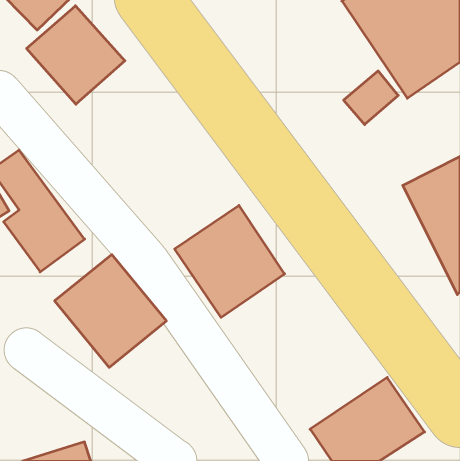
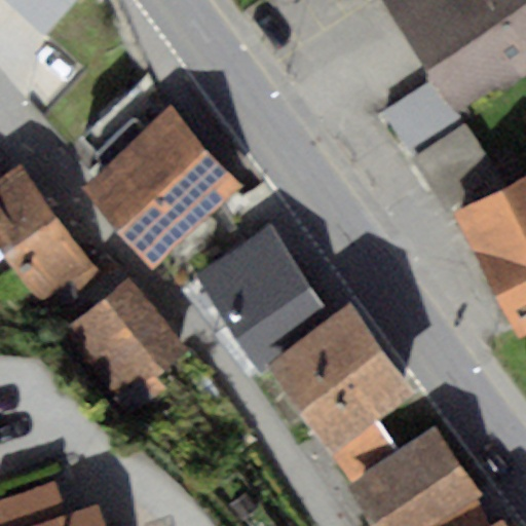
building: [27,6,125,104] -> none
building: none -> [83,105,240,261]
building: none -> [264,300,413,467]

